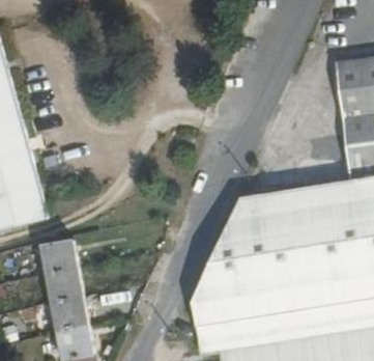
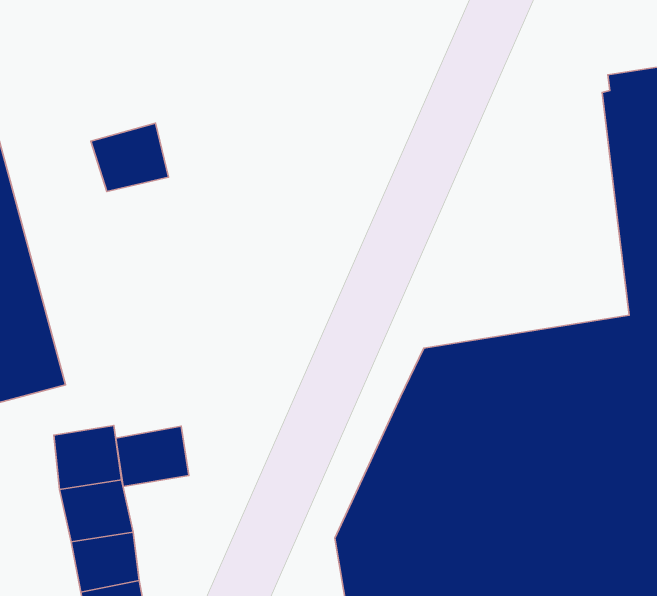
building: none -> [91,123,169,191]
building: none -> [116,426,189,486]

